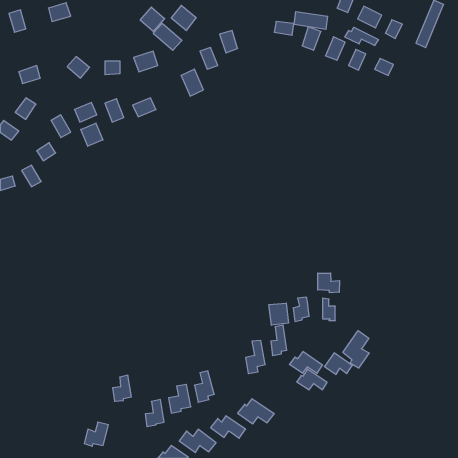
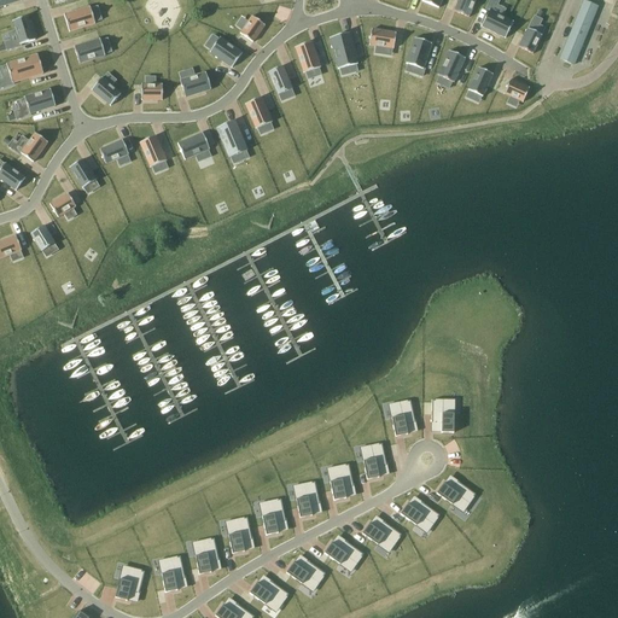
building: [140,7,165,32] -> none
building: [294,12,328,29] -> none
building: none -> [330,31,358,66]
building: none -> [74,36,106,63]
building: [345,27,378,46] -> none
building: none -> [6,52,45,81]
building: none -> [216,118,246,156]
building: [81,123,103,146] -> none
building: [318,273,339,293] -> none
building: [269,303,288,325] -> none
building: [343,331,369,368] -> none
building: [289,352,323,373] -> [360,515,404,544]
building: none -> [295,480,322,521]
building: [113,375,131,401] -> [161,555,186,590]

